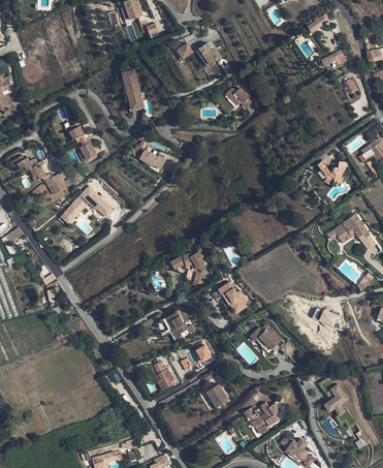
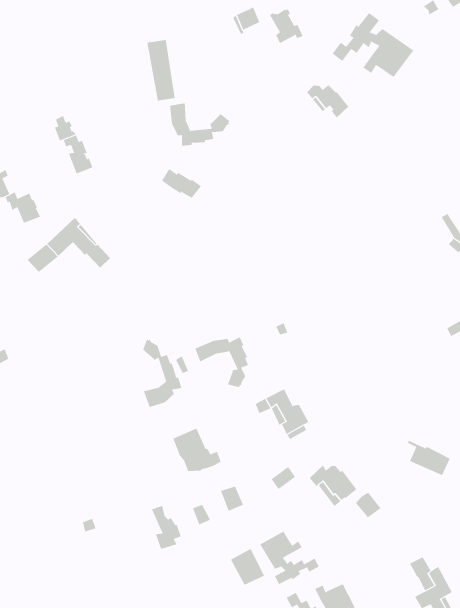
building: none -> [332,12,414,78]
building: none -> [169,103,230,147]
building: none -> [142,338,182,408]
building: none -> [260,531,320,585]

